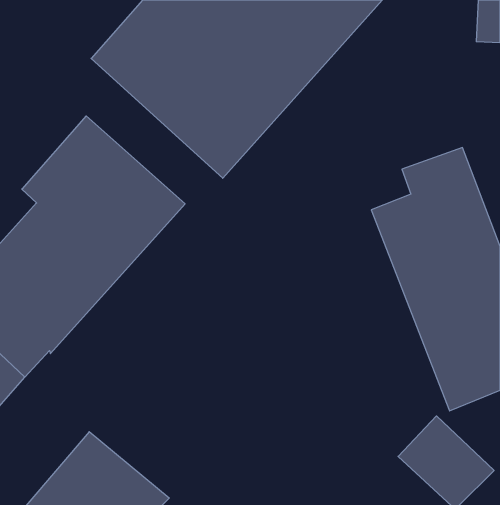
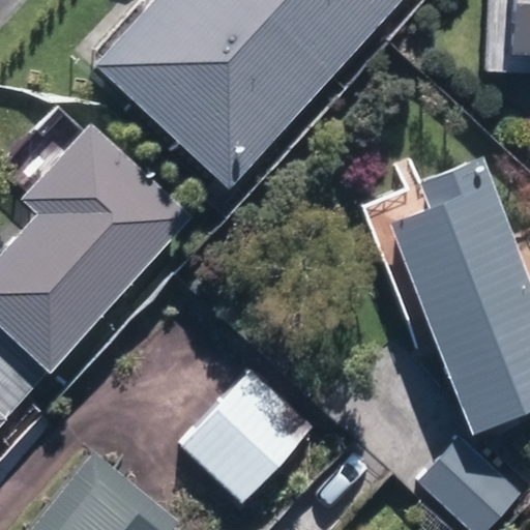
building: none -> [185,373,311,498]

